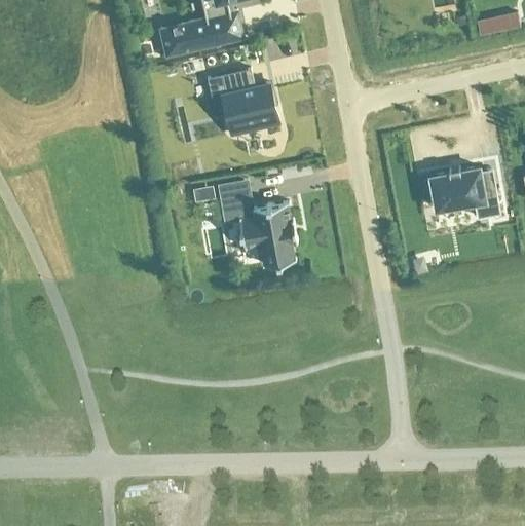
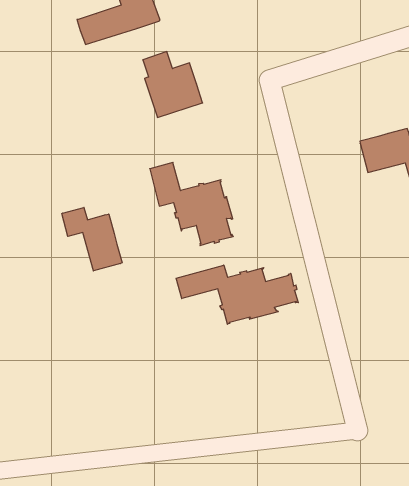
building: none -> [62,207,122,271]
building: none -> [176,265,298,324]

